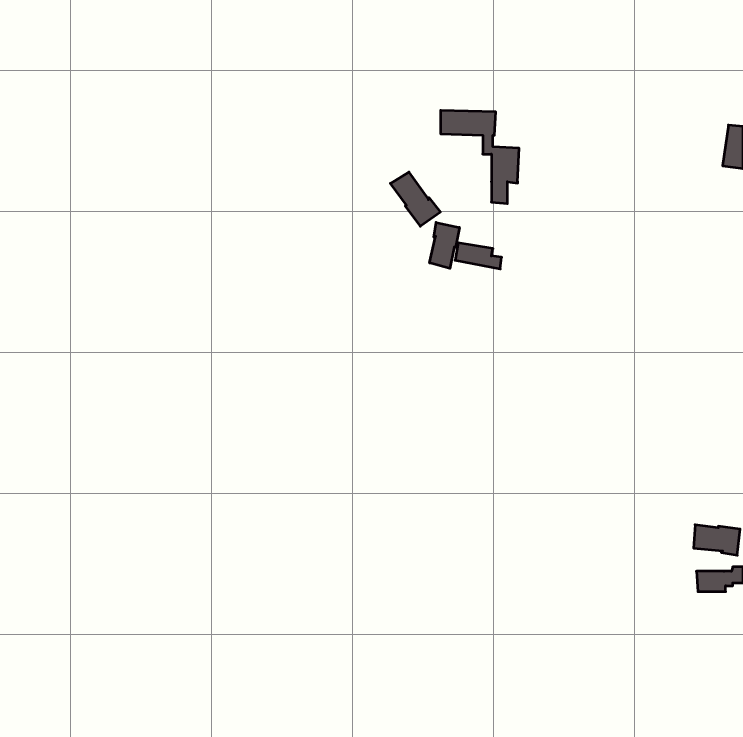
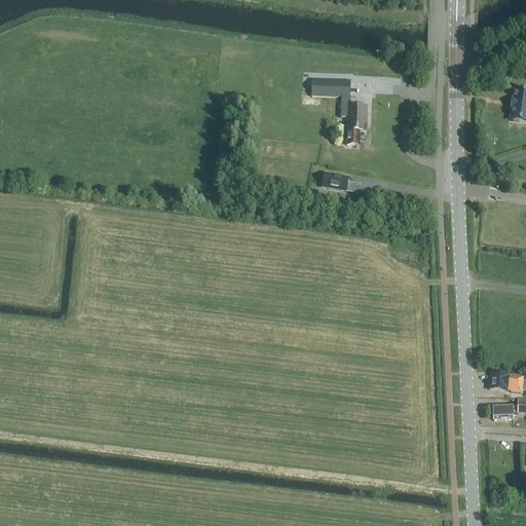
building: [390,172,440,226] -> none
building: [430,222,459,268] -> none

